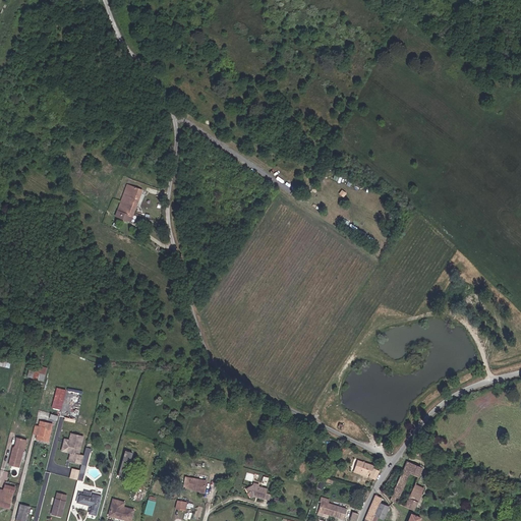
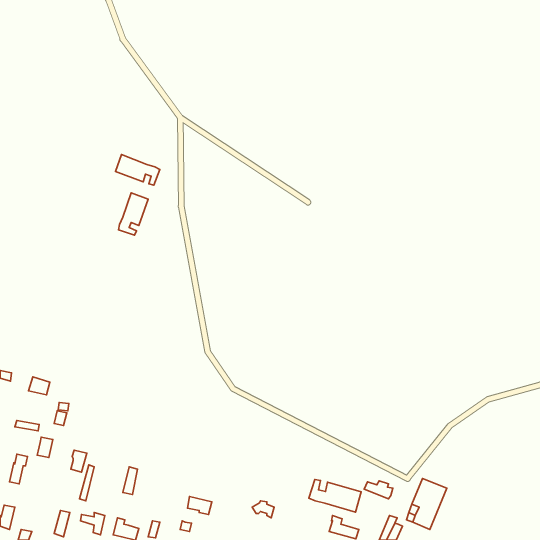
building: none -> [115,155,160,185]
building: none -> [309,479,361,512]

